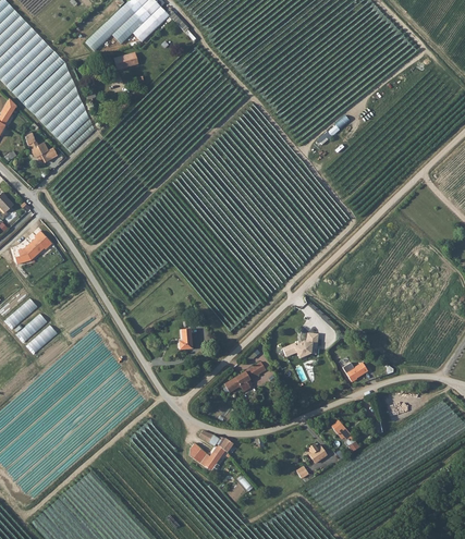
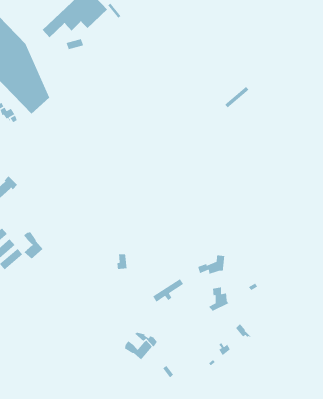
building: none -> [23,231,43,260]
building: none -> [208,286,229,312]

